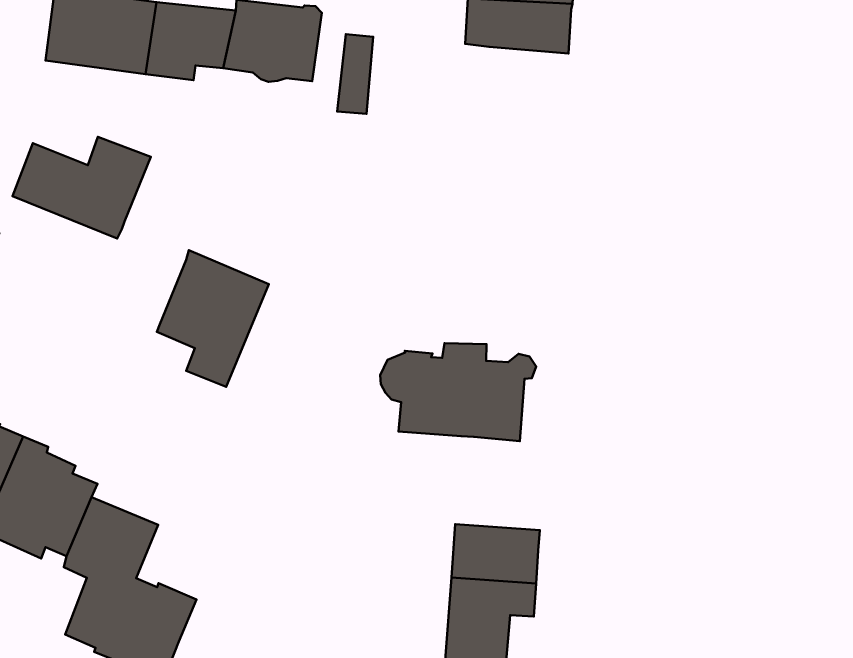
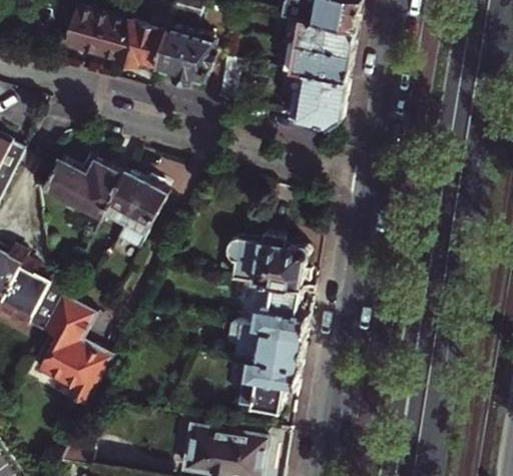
building: none -> [287,70,346,124]
building: [13,137,151,239] -> [46,156,124,213]
building: none -> [244,283,307,339]

